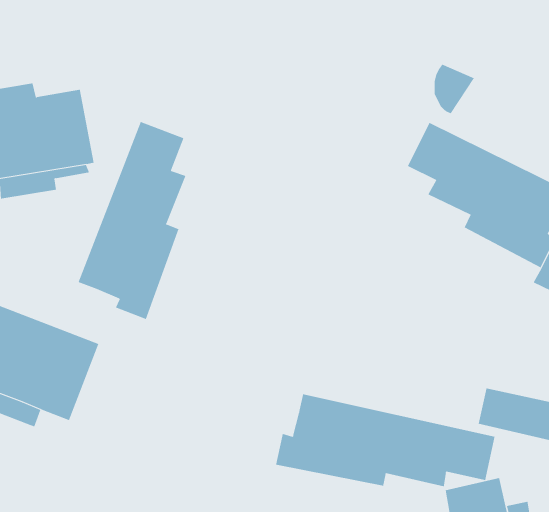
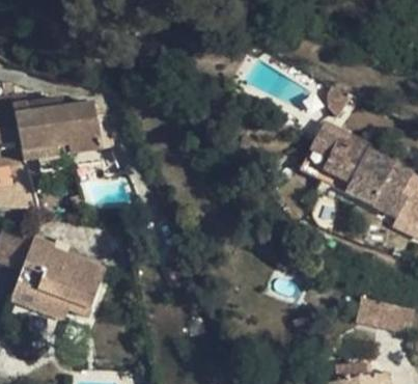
building: [78,121,186,320] -> none
building: [275,394,495,487] -> none

